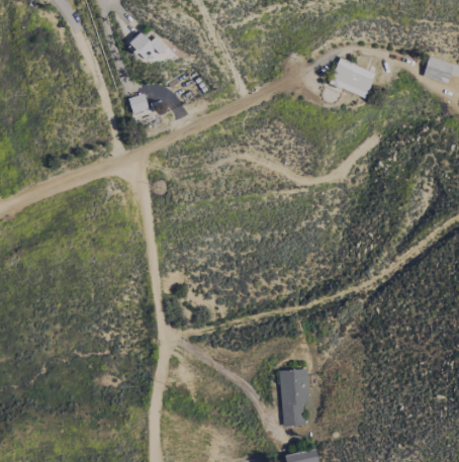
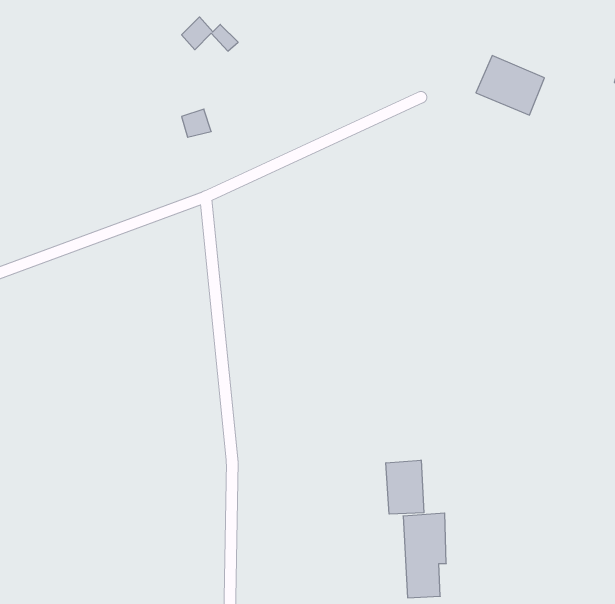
building: none -> [386,460,424,514]

